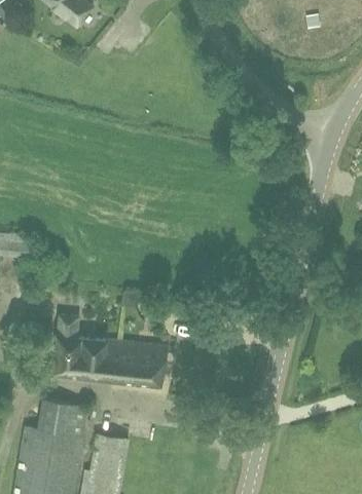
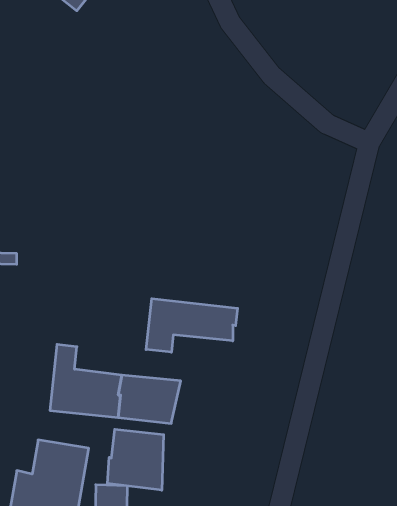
building: none -> [146,299,238,352]
building: none -> [108,429,164,490]

